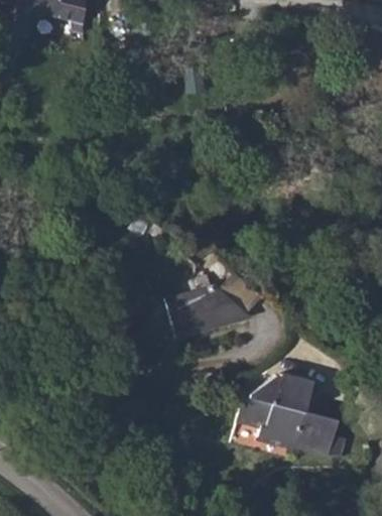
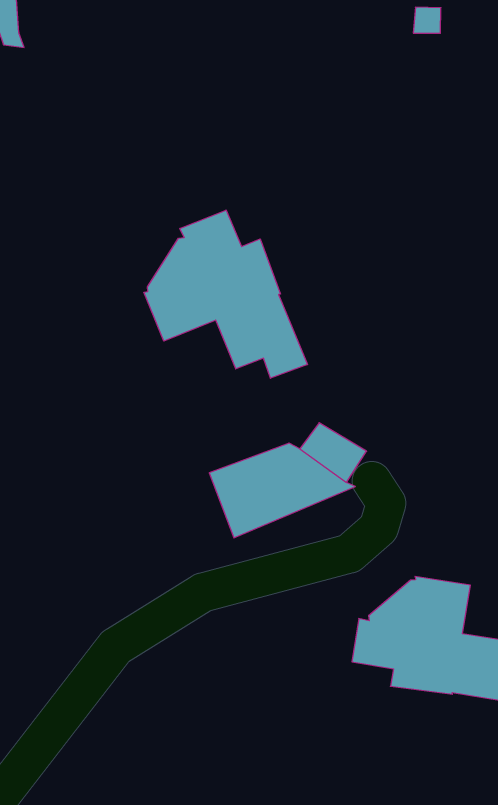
building: none -> [144,210,307,378]

